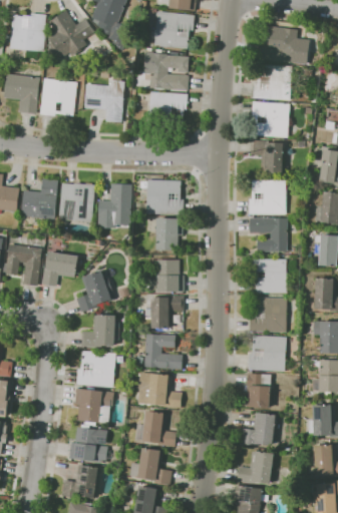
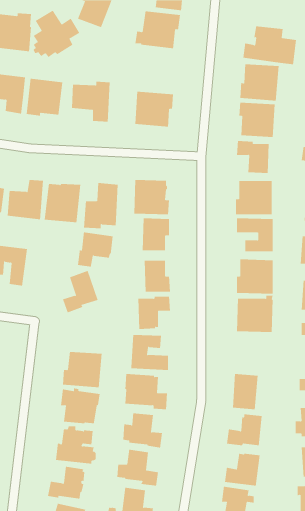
building: [143,52,189,90] -> none
building: [41,251,77,287] -> [77,232,114,267]
building: [81,315,119,347] -> none
building: [247,335,285,372] -> none

